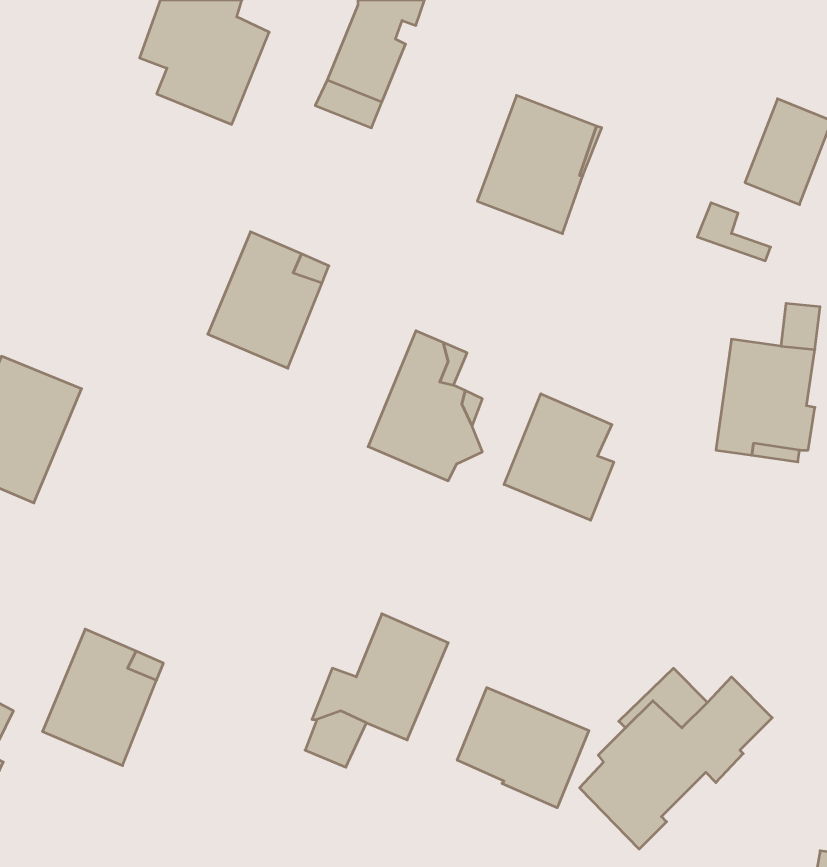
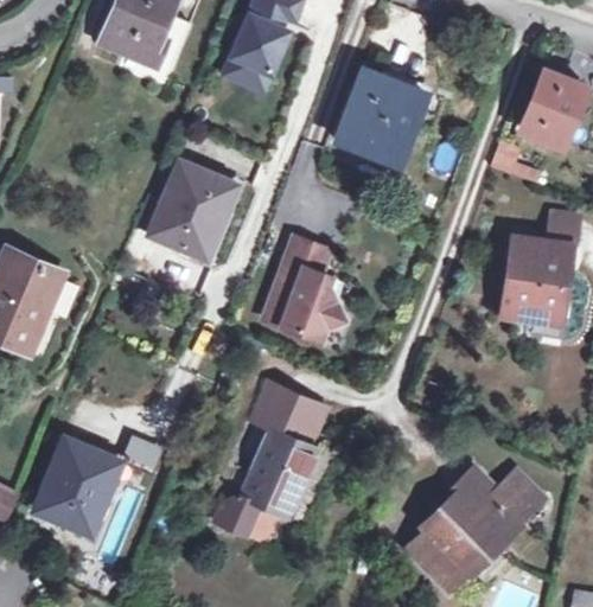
building: [504,394,614,520] -> none
building: none -> [251,383,327,447]
building: [457,688,589,808] -> none

